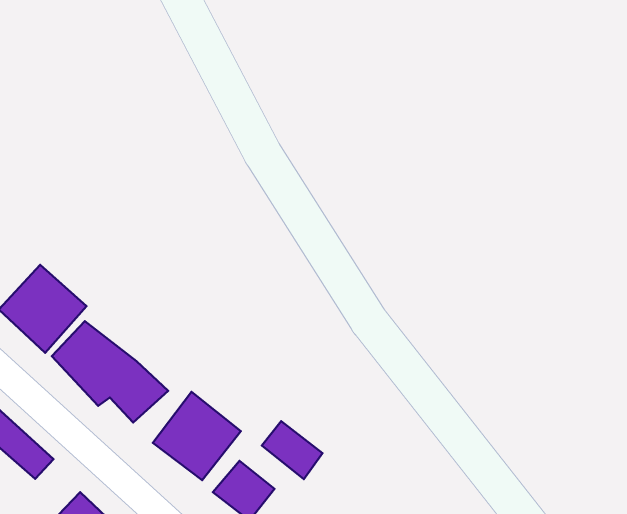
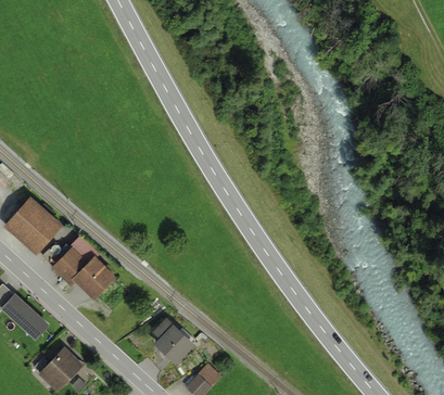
building: [153,392,241,480] -> none
building: [262,421,322,479] -> none

